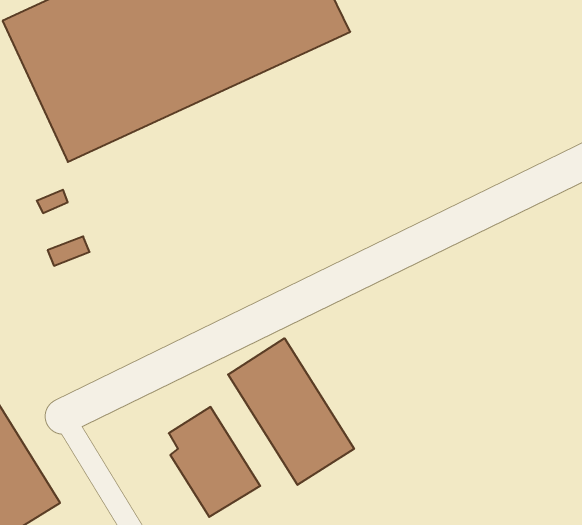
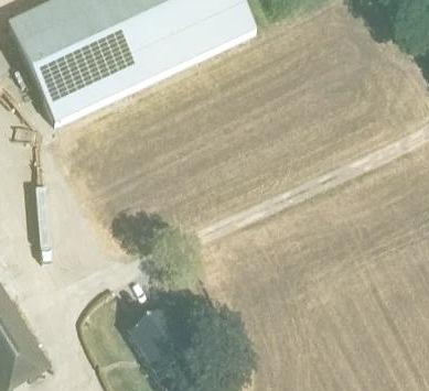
building: [228,338,354,485] -> none

